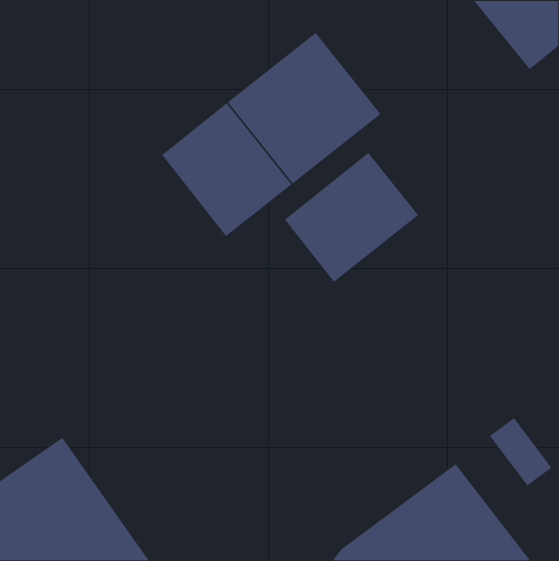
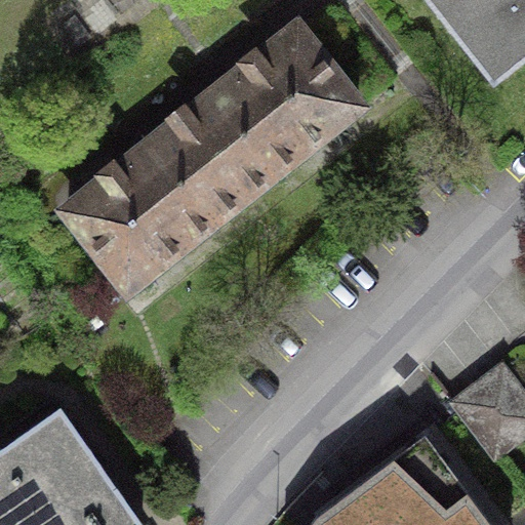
building: [284,152,419,283] -> none
building: none -> [67,145,211,288]

